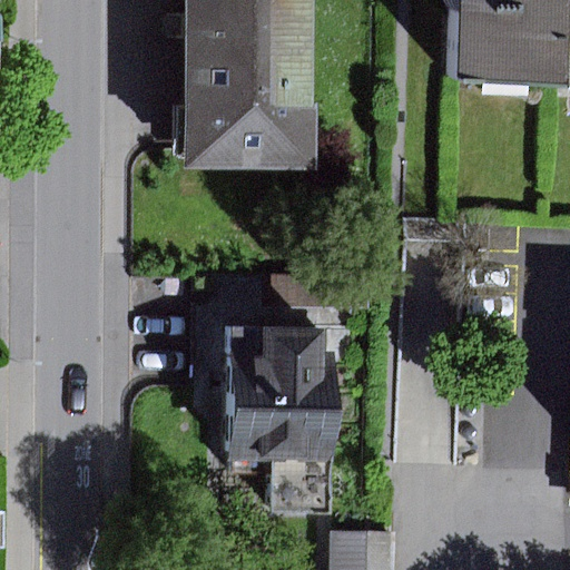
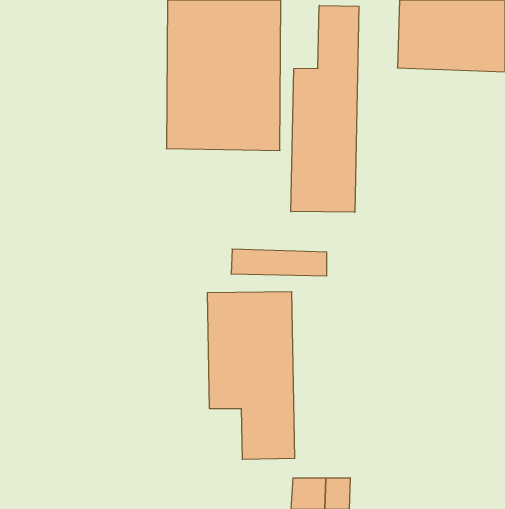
building: none -> [291,5,359,212]

